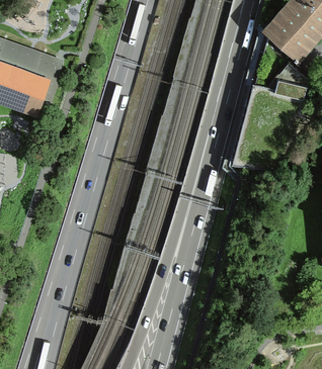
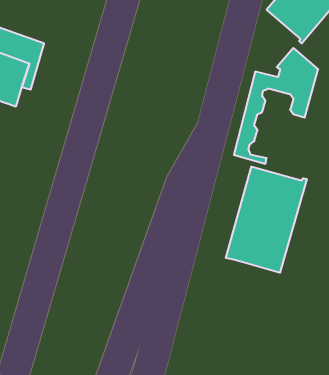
building: none -> [226,167,307,273]

